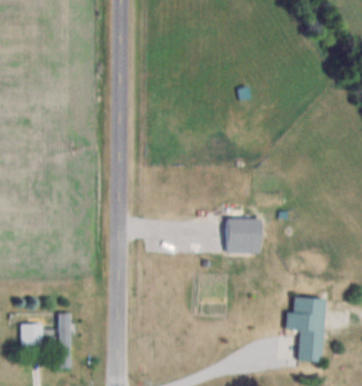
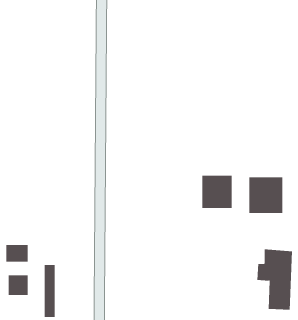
building: none -> [249,177,283,214]
building: none -> [6,244,28,263]

